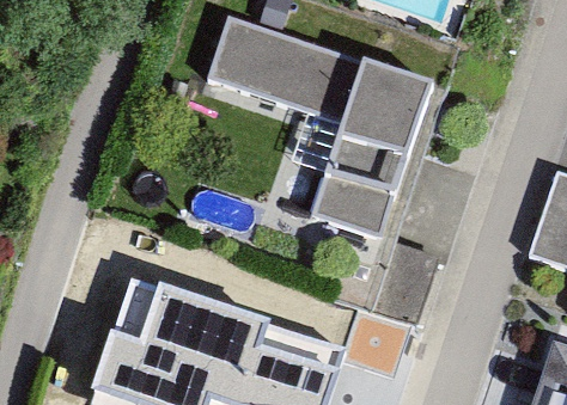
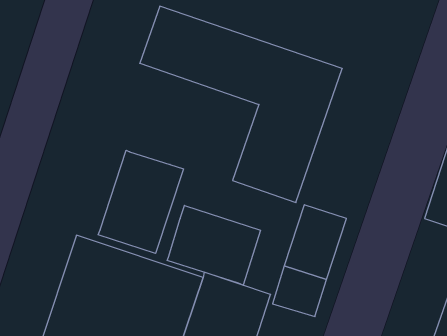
building: none -> [98,150,184,253]
building: none -> [167,205,260,285]

